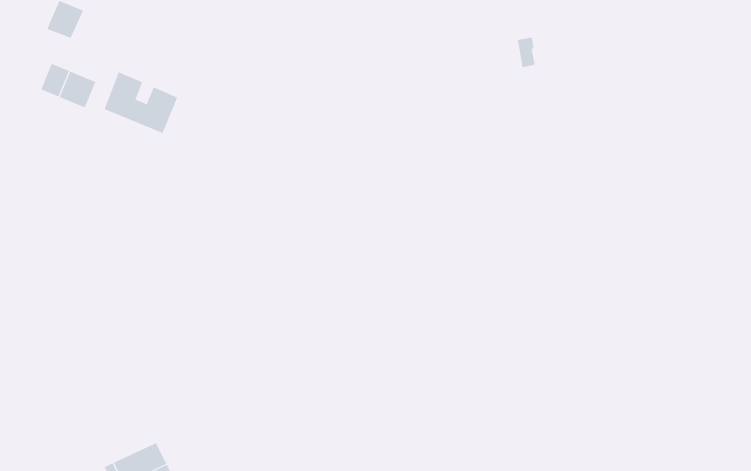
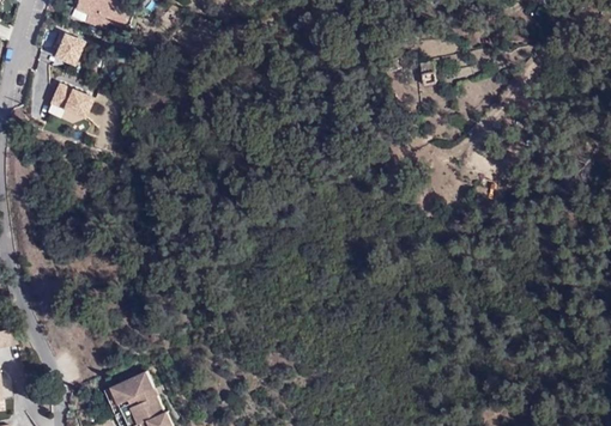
building: [104,71,178,134] -> none

